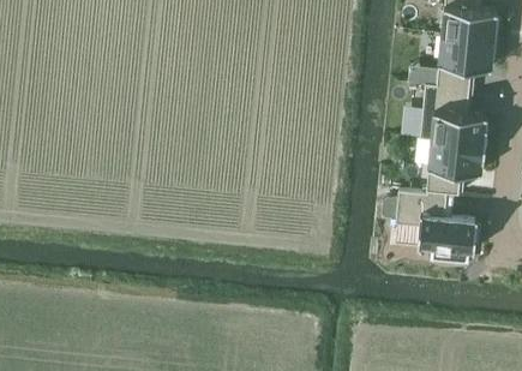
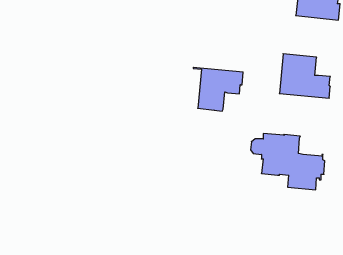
building: [425,34,498,89] -> none
building: [420,137,486,195] -> [193,67,243,111]

